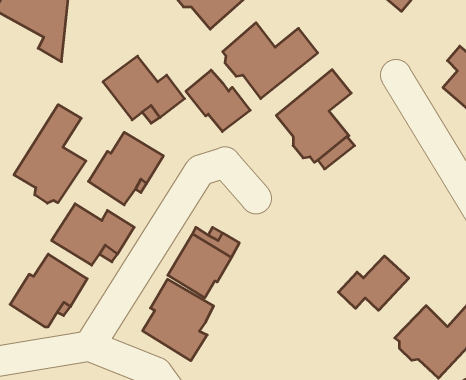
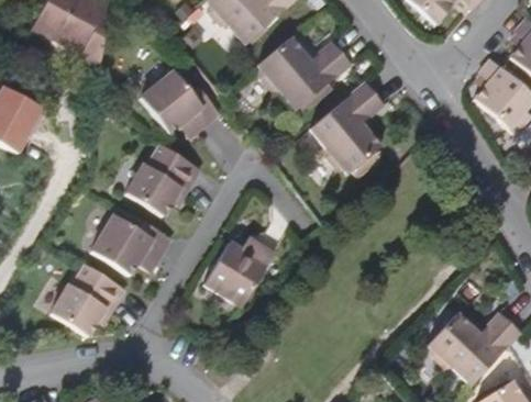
building: [186,70,250,132] -> none
building: [14,105,86,203] -> none
building: [338,256,409,310] -> none
building: [143,279,214,361] -> none

